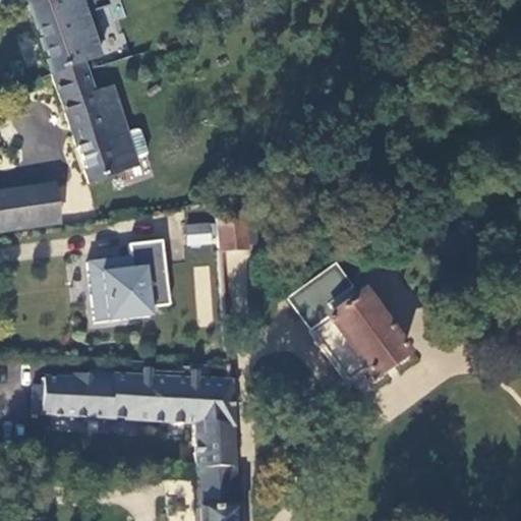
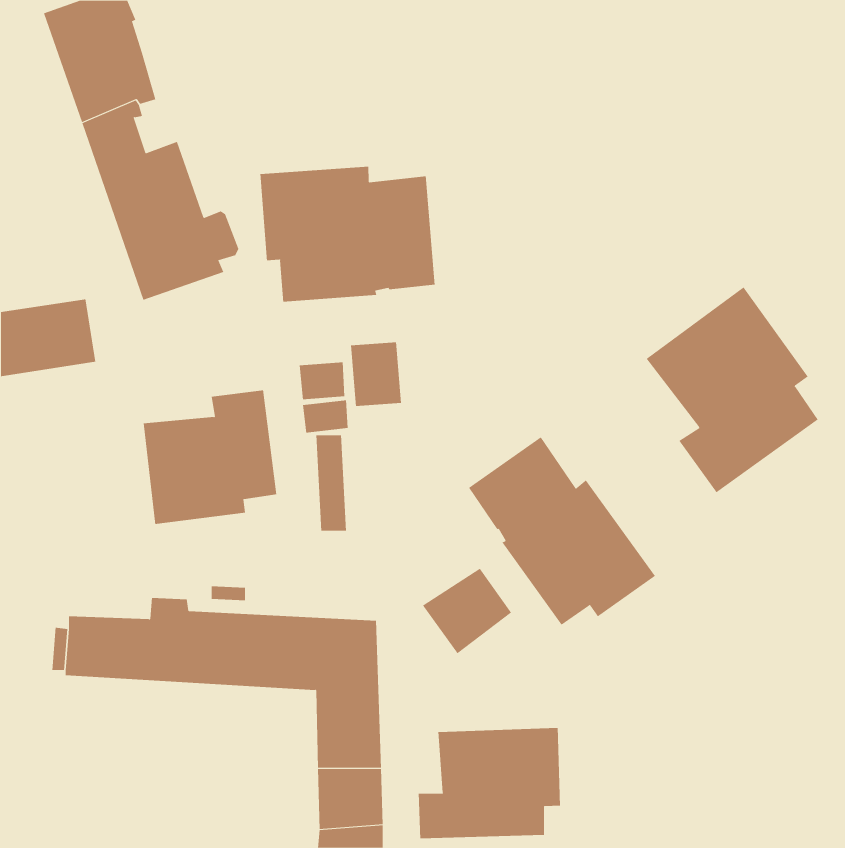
building: none -> [260,166,435,303]
building: none -> [646,287,819,493]
building: none -> [422,568,512,654]
building: none -> [418,727,560,839]

